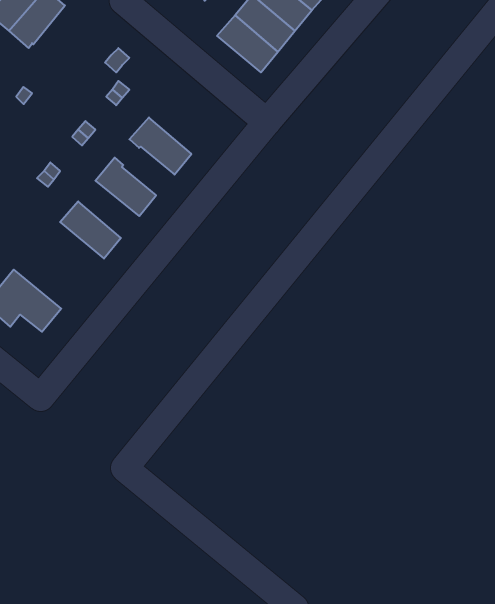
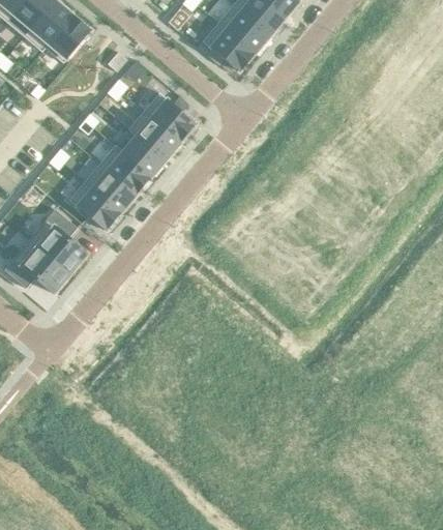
building: none -> [46,14,90,62]
building: none -> [144,92,196,141]
building: none -> [121,135,166,176]
building: none -> [84,164,136,212]
building: none -> [29,208,86,272]

